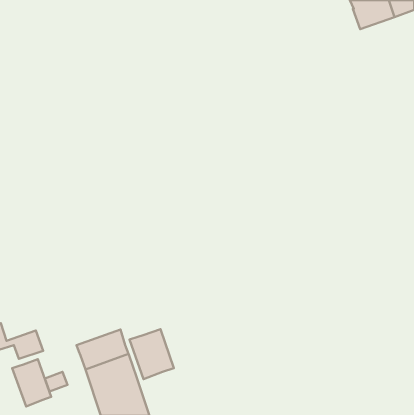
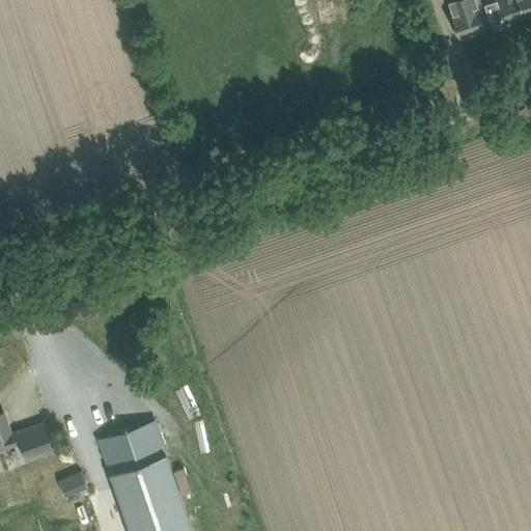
building: [130,329,174,379] -> none
building: [12,359,51,406] -> none

